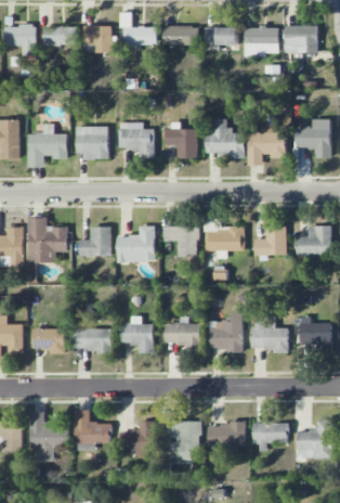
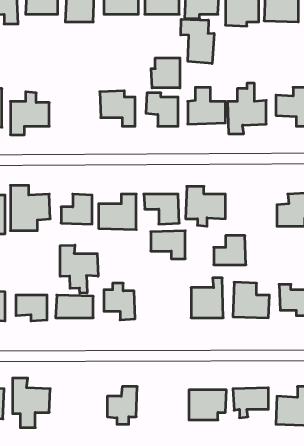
building: none -> [181,19,214,64]
building: none -> [151,58,180,88]
building: [78,127,108,159] -> none
building: [254,227,287,256] -> [214,236,246,265]
building: none -> [60,245,98,293]
building: [166,323,200,351] -> [151,231,185,259]
building: [76,410,110,451] -> none
building: [162,421,200,462] -> none

